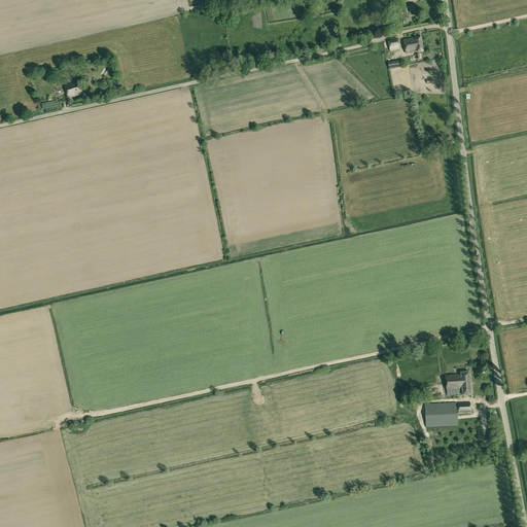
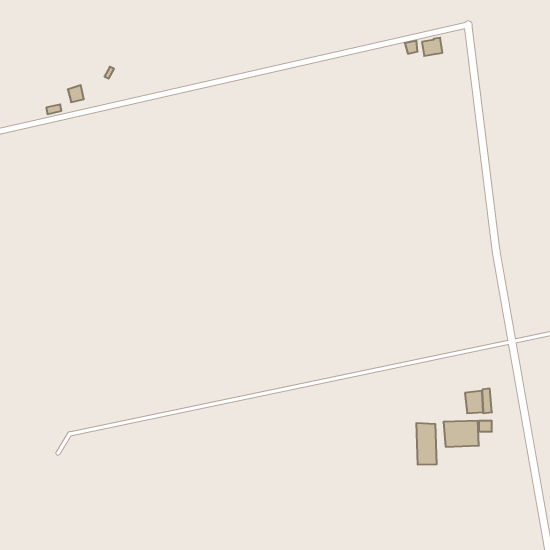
building: none -> [416,423,437,465]

